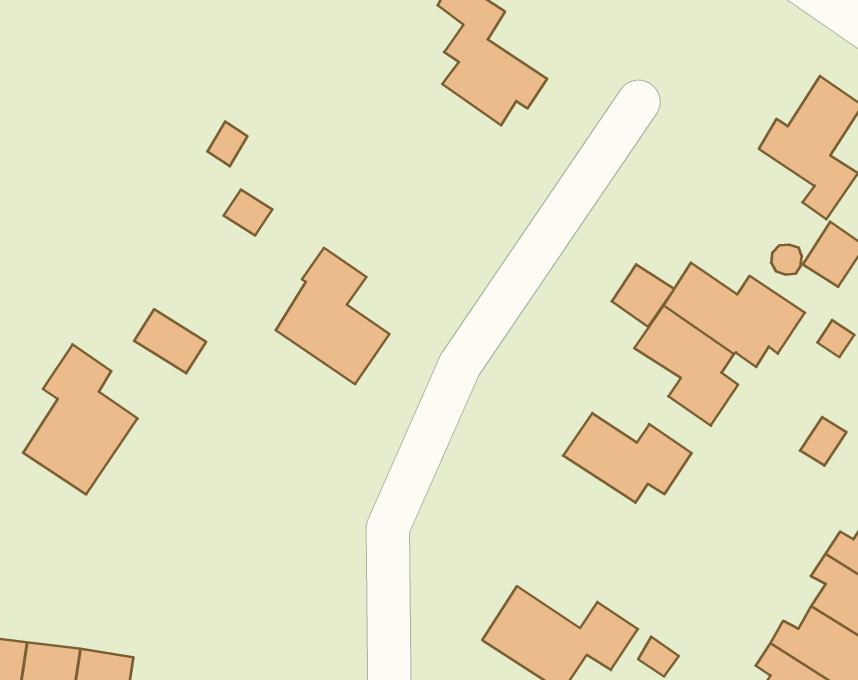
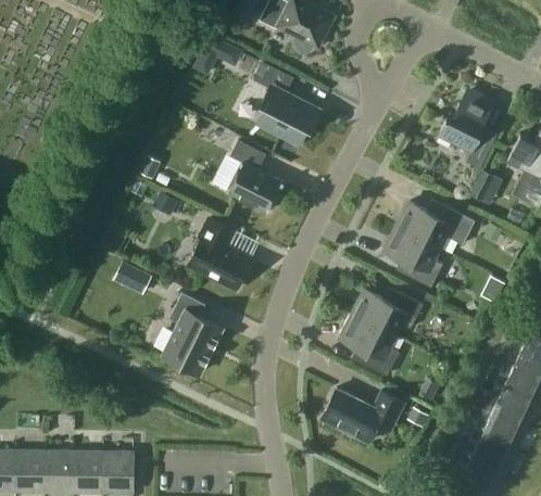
building: none -> [226,141,282,212]
building: [612,264,674,327] -> none
building: [23,344,138,494] -> [162,293,222,373]
building: none -> [340,315,399,376]

